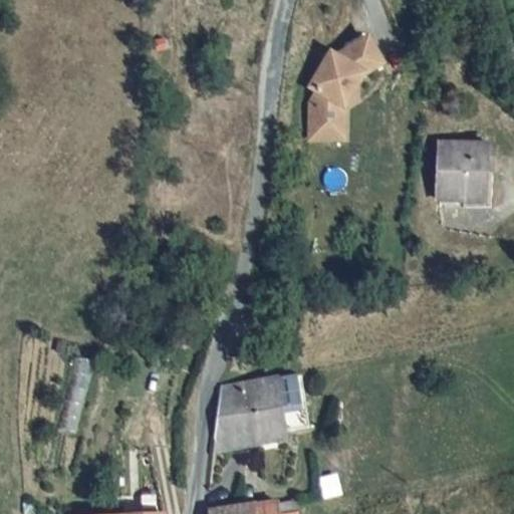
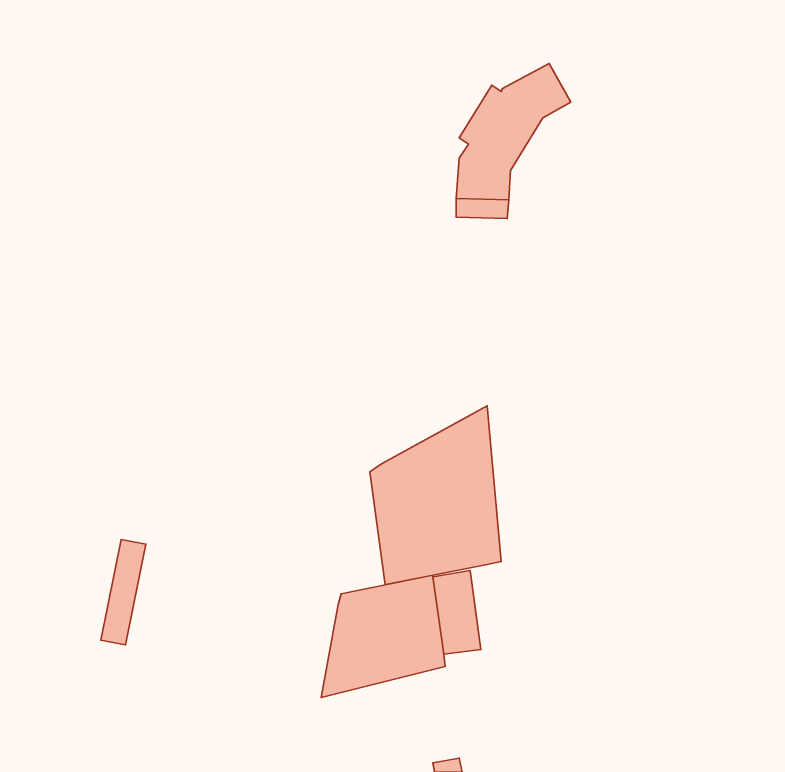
building: [440,146,494,201] -> none
building: none -> [370,406,501,585]

